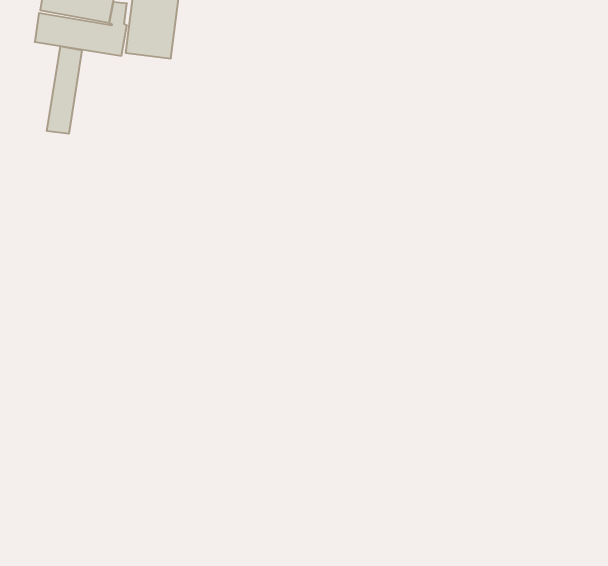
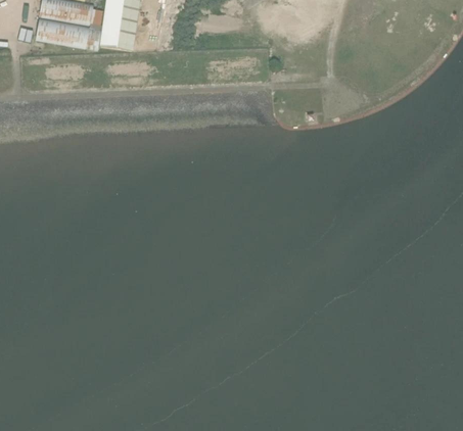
building: [47,46,82,134] -> none

